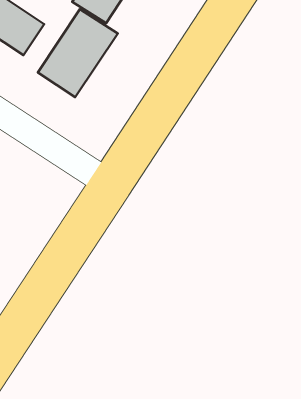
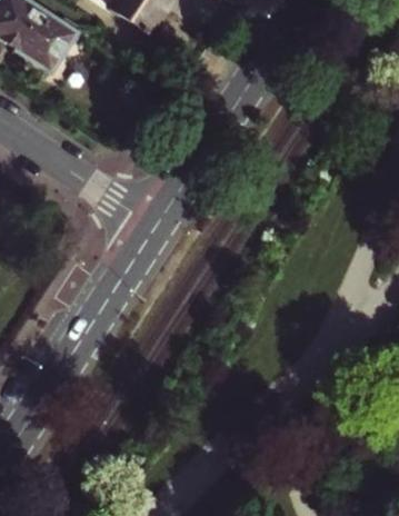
building: [38,9,118,97] -> none

